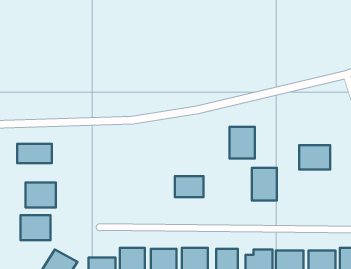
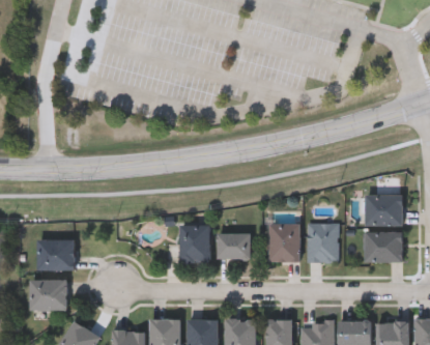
building: [230,127,255,159] -> [268,223,298,261]
building: [17,144,52,163] -> none
building: none -> [179,224,209,261]
building: none -> [365,231,402,261]

